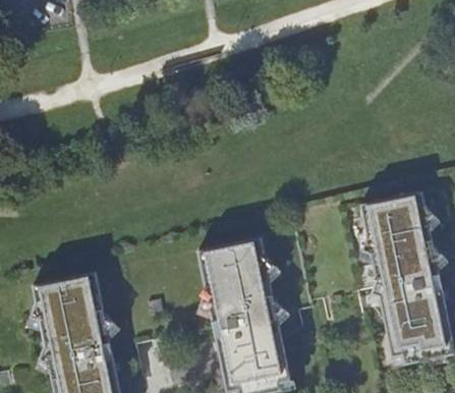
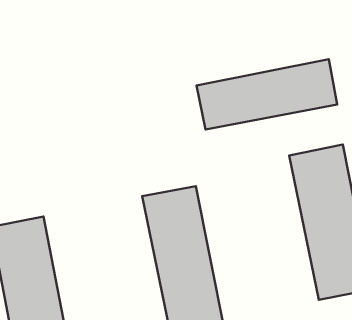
building: none -> [197,59,337,129]

